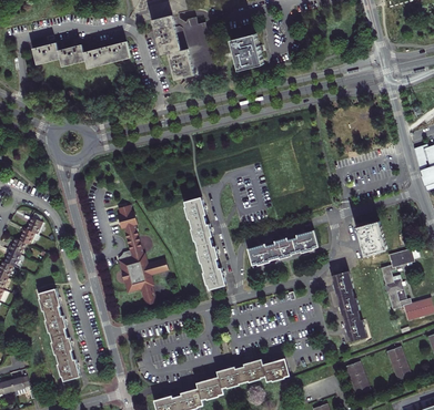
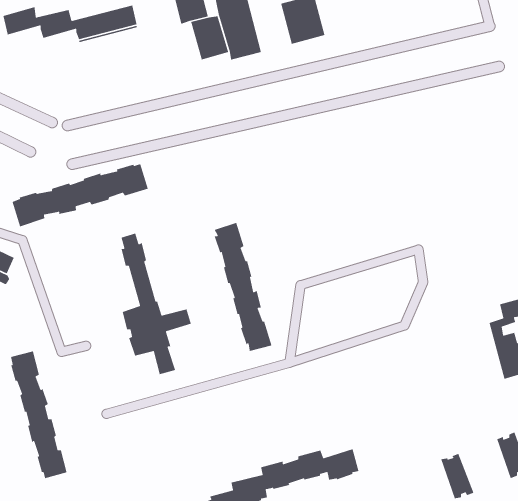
building: none -> [11,163,149,227]
building: [356,221,386,256] -> none
building: [248,229,319,265] -> none
building: [332,270,367,341] -> none

